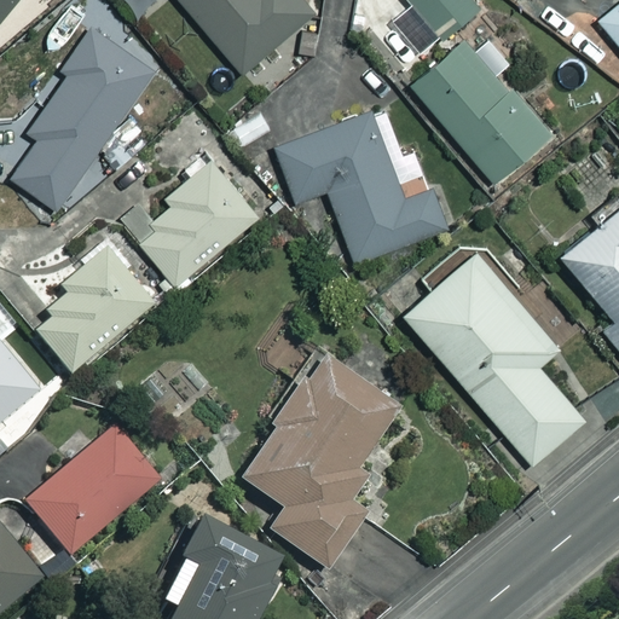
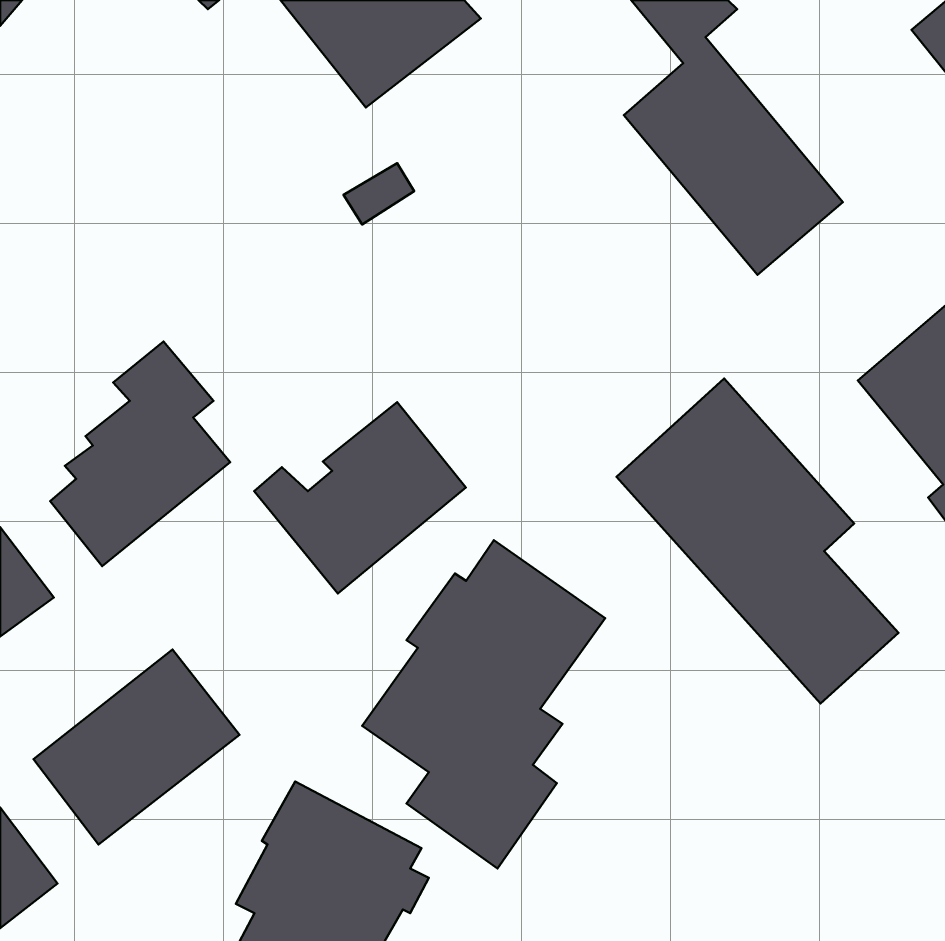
building: [13,28,156,209] -> none
building: [274,110,450,265] -> none
building: [122,161,260,285] -> [254,402,466,593]

